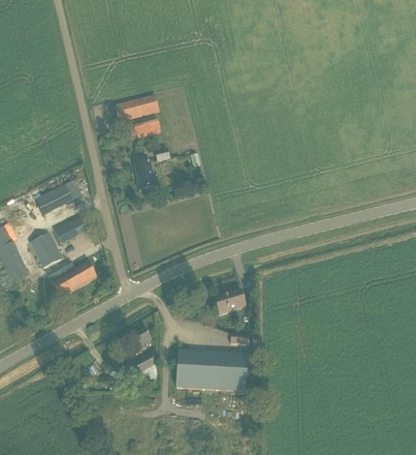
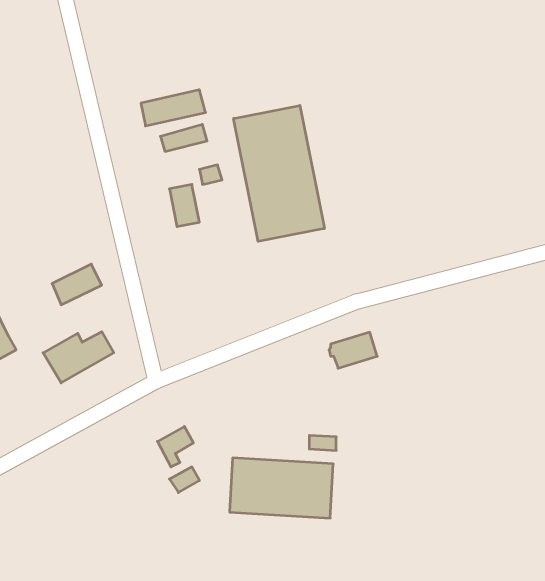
building: none -> [234,105,324,241]
building: [34,180,82,214] -> none
building: [30,233,61,268] -> none
building: [213,290,246,314] -> [329,332,377,368]

